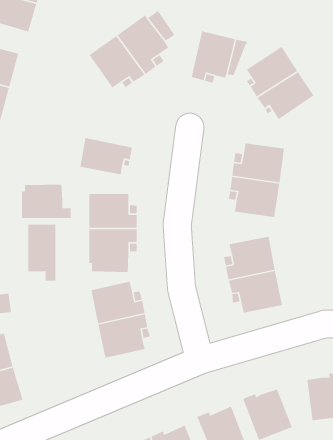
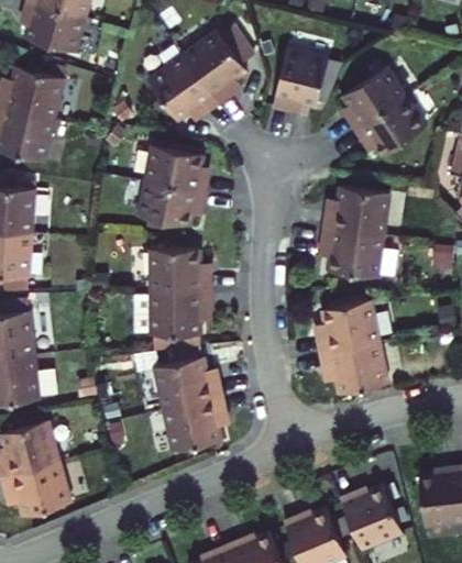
building: none -> [146,145,208,192]
building: [21,184,72,219] -> none
building: [28,224,56,282] -> none

